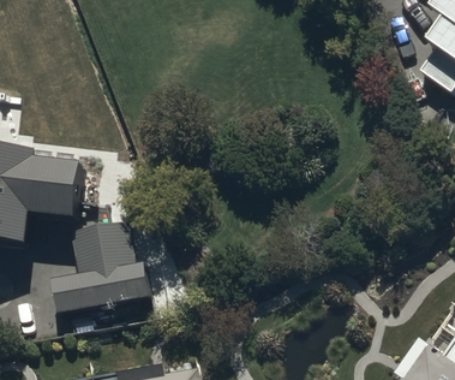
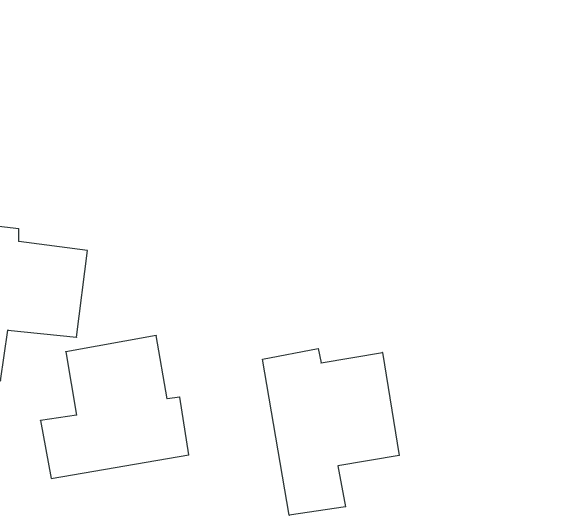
building: none -> [263,349,399,515]

